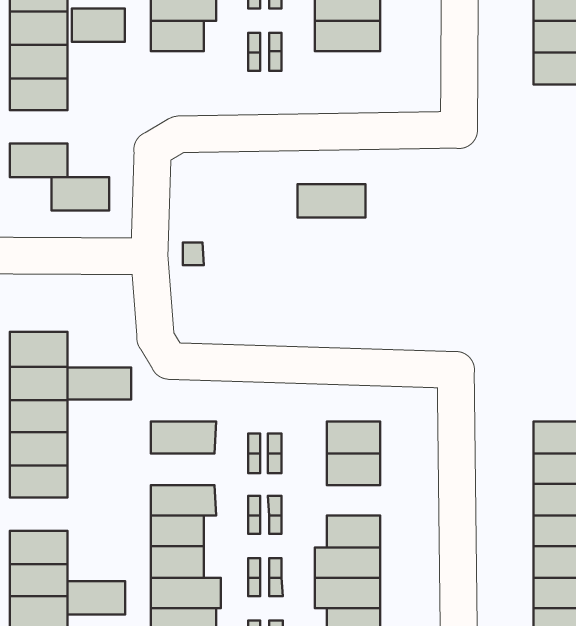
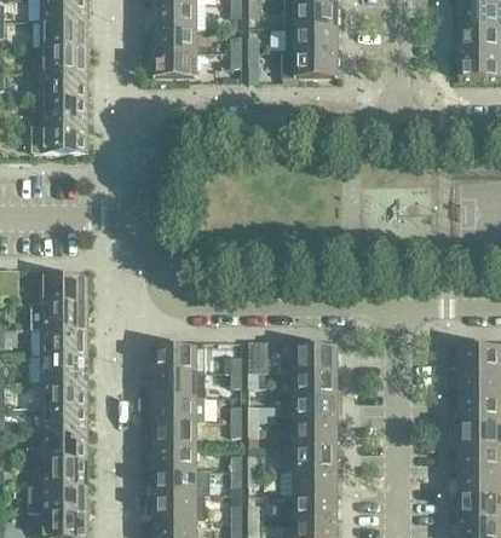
building: [72,8,125,42] -> [154,51,196,77]
building: [52,177,109,210] -> [41,98,87,125]
building: [297,184,366,217] -> [282,51,336,77]
building: [67,368,131,399] -> [154,371,205,397]
building: none -> [294,397,336,421]
building: [67,581,125,615] -> [41,406,87,433]

